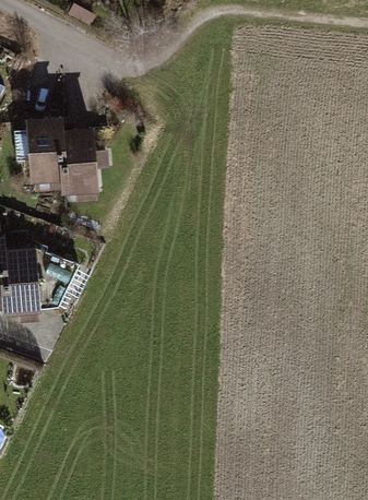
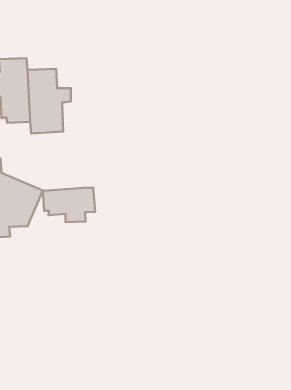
building: none -> [43,188,95,222]

